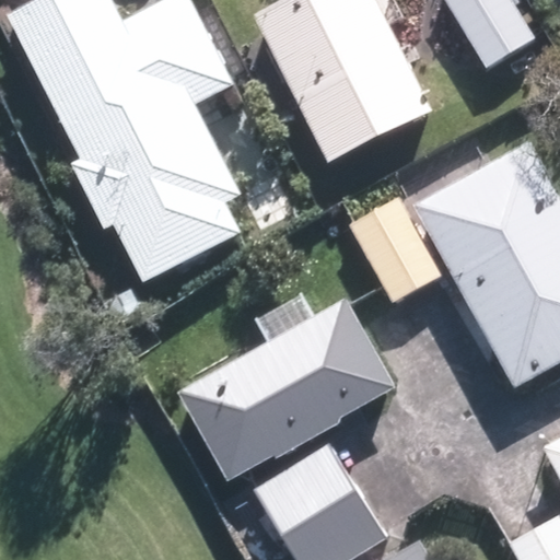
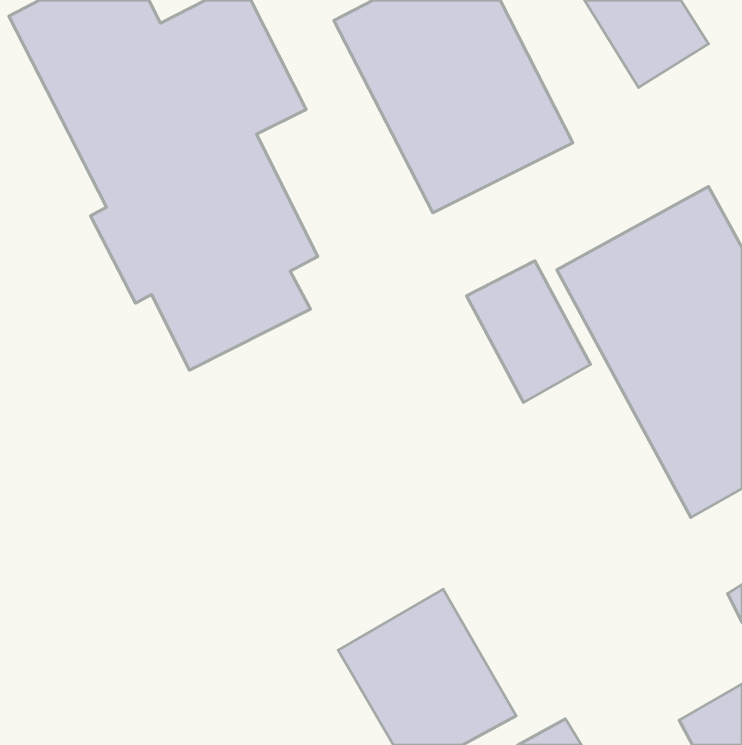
building: [185,296,400,480] -> none

